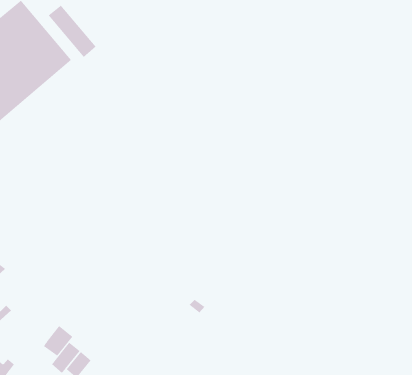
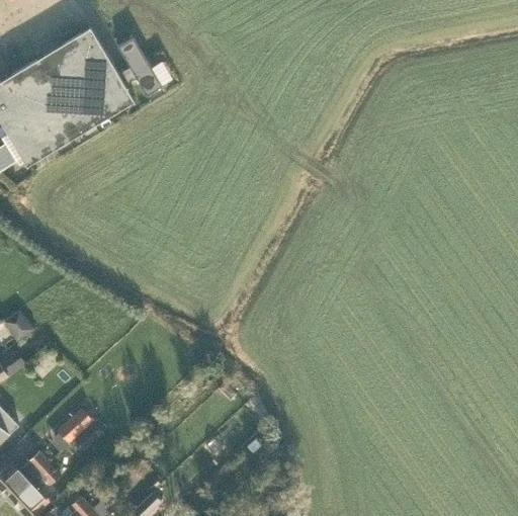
building: [43,325,73,357] -> none

